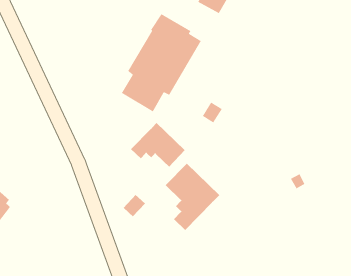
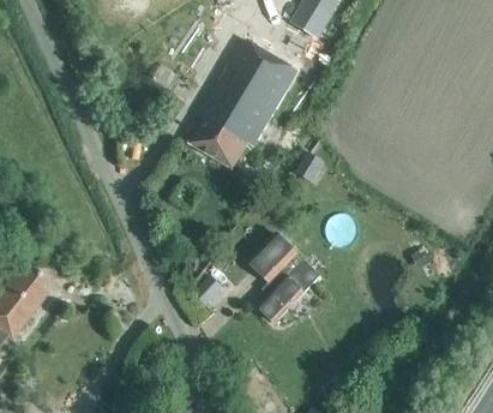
building: [130,122,185,167] -> none

